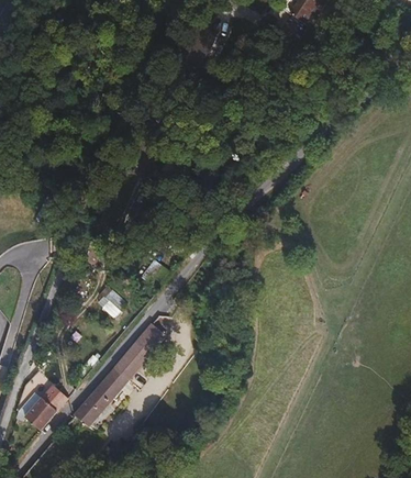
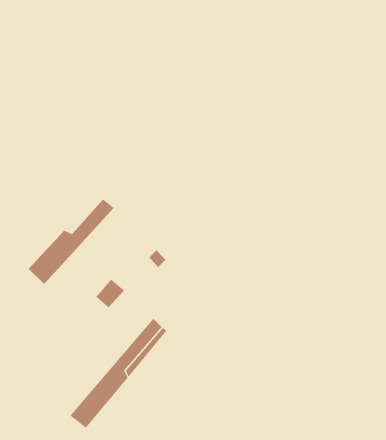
building: none -> [28,199,114,285]
building: [24,383,68,429] -> none

